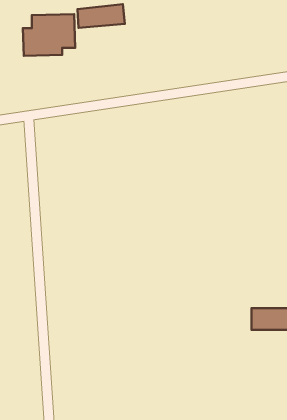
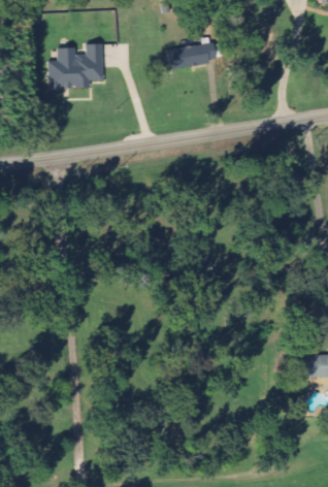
building: [78,4,125,28] -> [170,42,220,67]

